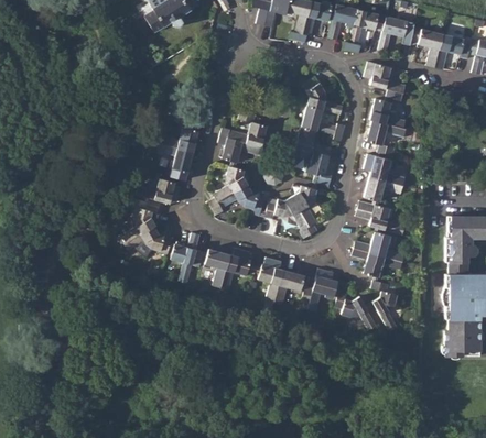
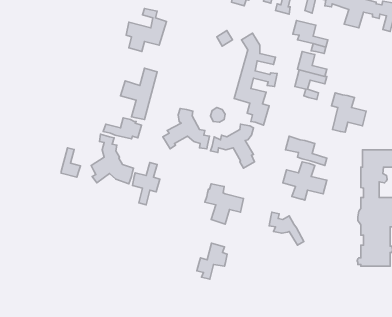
building: [218,111,267,163] -> [126,9,166,52]
building: [363,154,404,201] -> [331,93,366,132]
building: none -> [61,148,80,177]
building: [205,248,251,291] -> none
building: [301,269,337,311] -> [197,243,227,279]
building: [370,281,397,331] -> none

